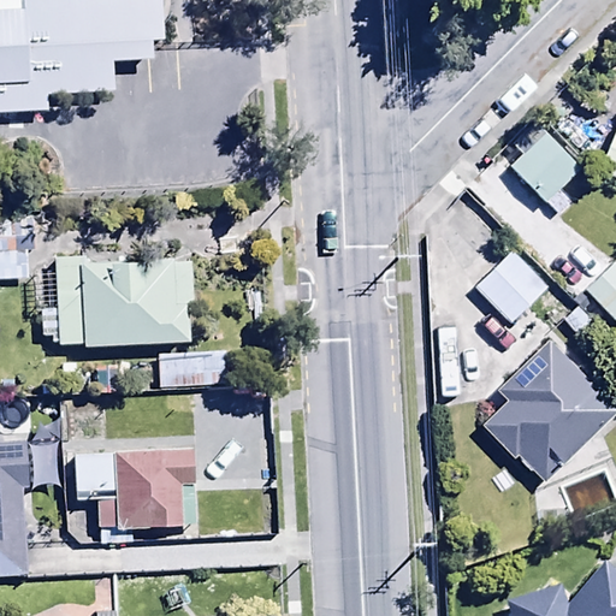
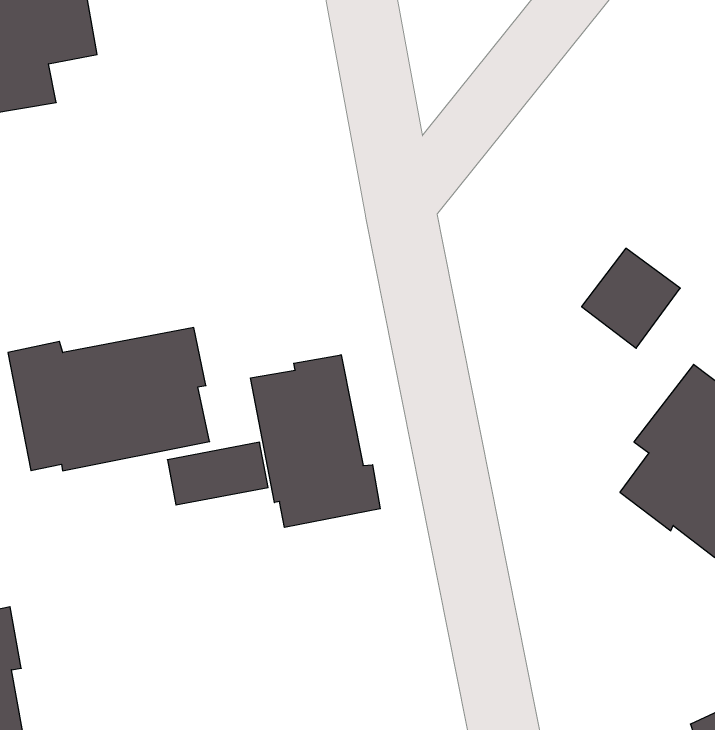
building: [509,130,582,211] -> none
building: none -> [251,355,380,527]
building: [75,450,194,529] -> none

